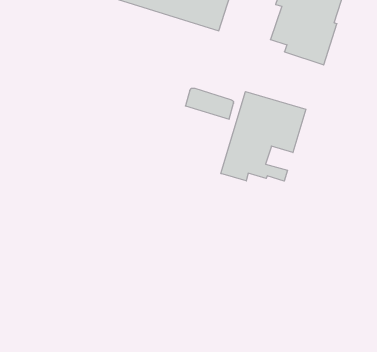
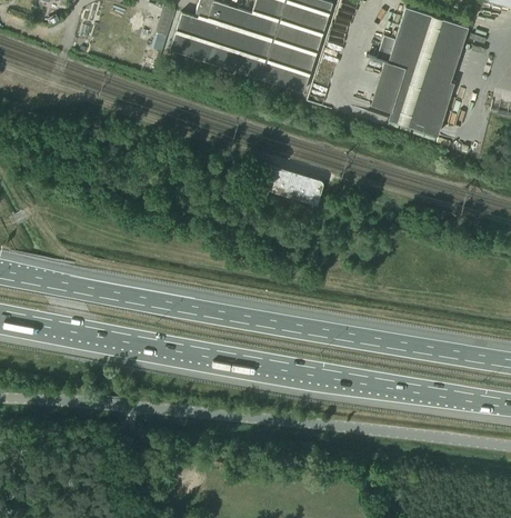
building: [221,92,306,181] -> none

